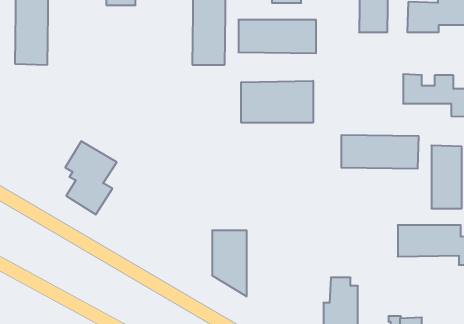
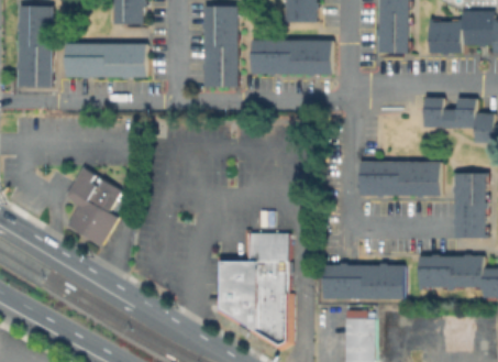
building: none -> [65,43,146,77]
building: [241,81,313,123] -> none
building: none -> [250,232,291,344]
building: none -> [321,263,402,299]

